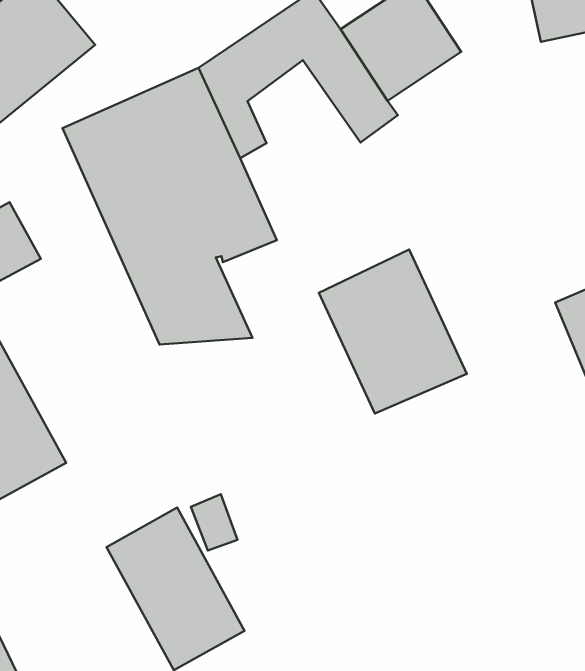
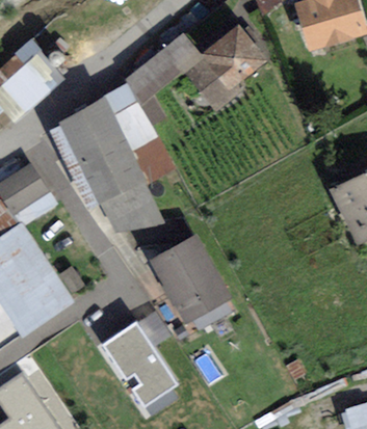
building: [319,249,467,413] -> [148,234,232,324]

